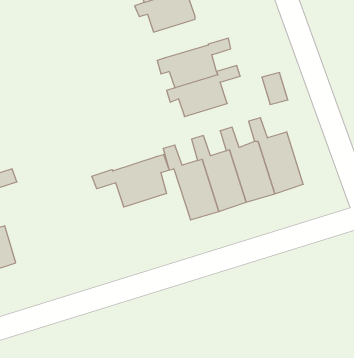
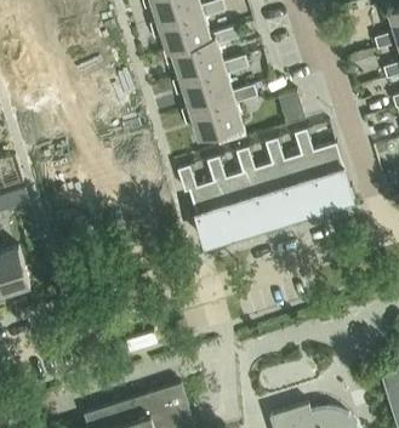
building: none -> [164,29,239,79]
building: none -> [295,130,353,207]
building: [92,154,169,207] -> none

